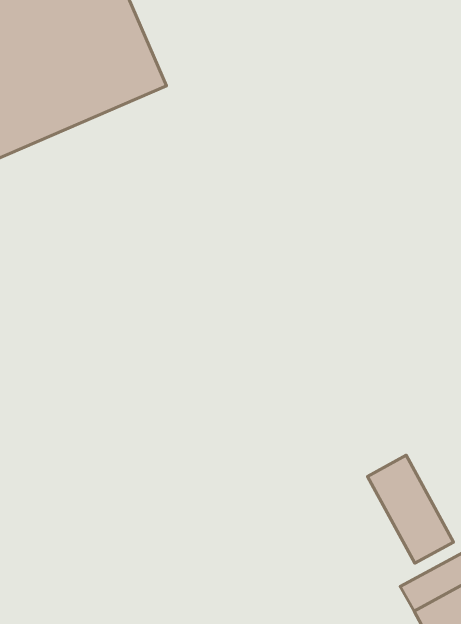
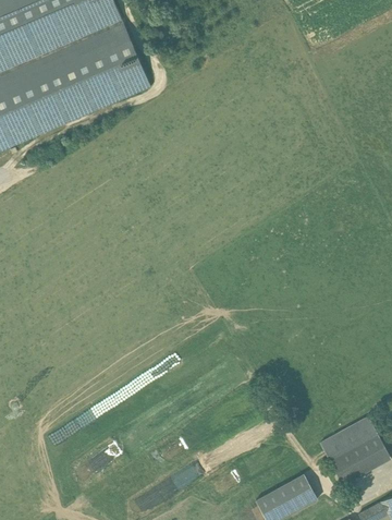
building: [368,455,454,563] -> none

